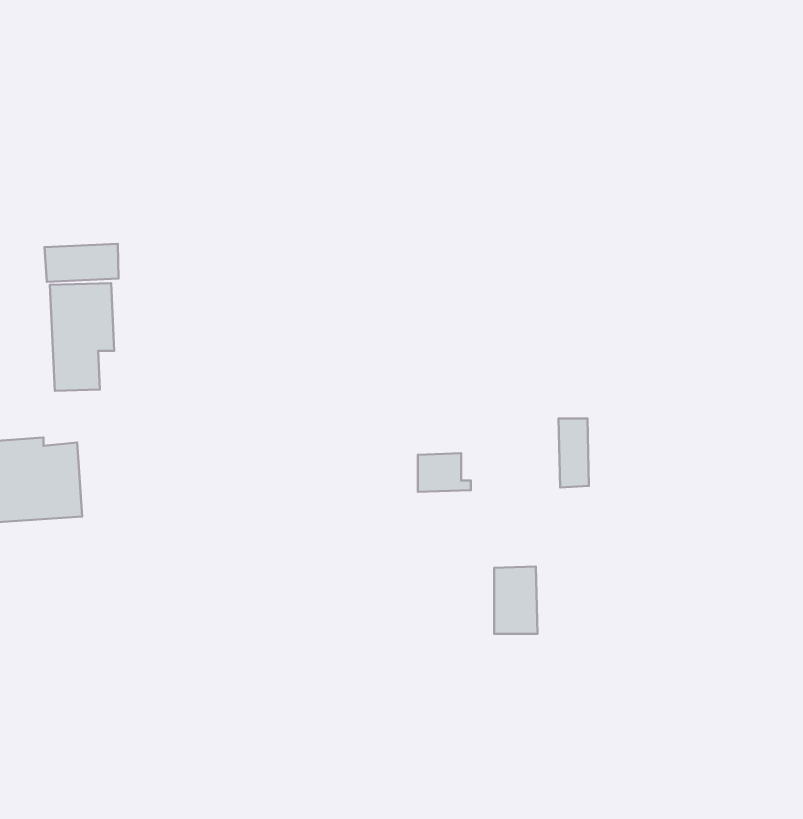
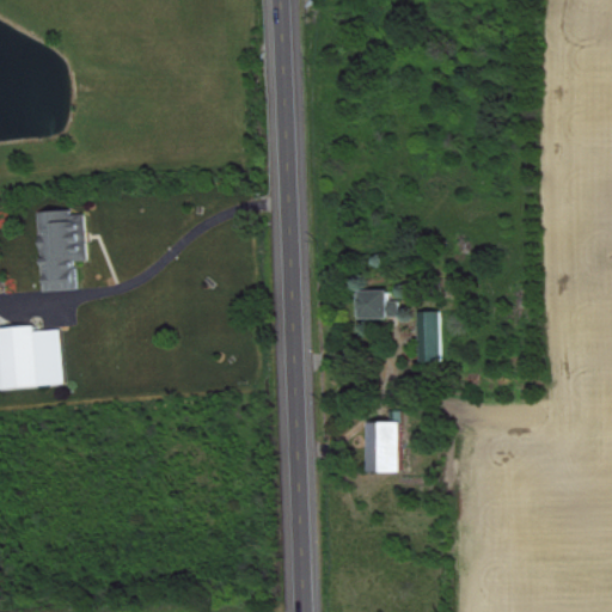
building: [45,244,118,282] -> none
building: [418,453,471,492] -> [355,289,394,318]

